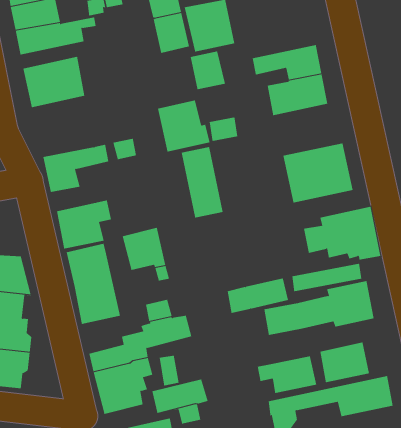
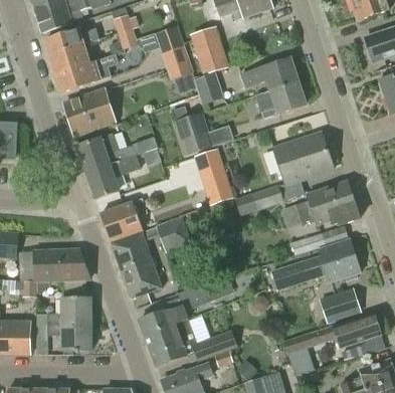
building: none -> [77,133,135,170]
building: [227,278,289,313] -> [234,184,283,216]
building: [257,355,317,394] -> none

